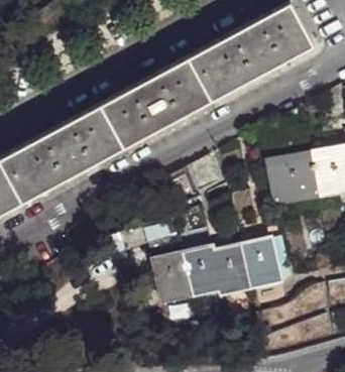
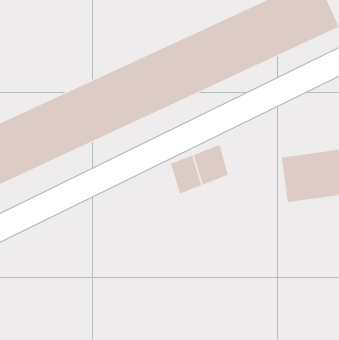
building: [151,241,279,301] -> none

